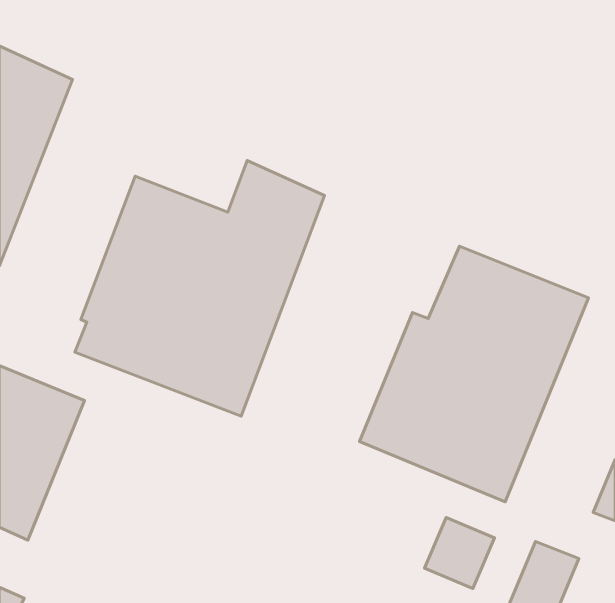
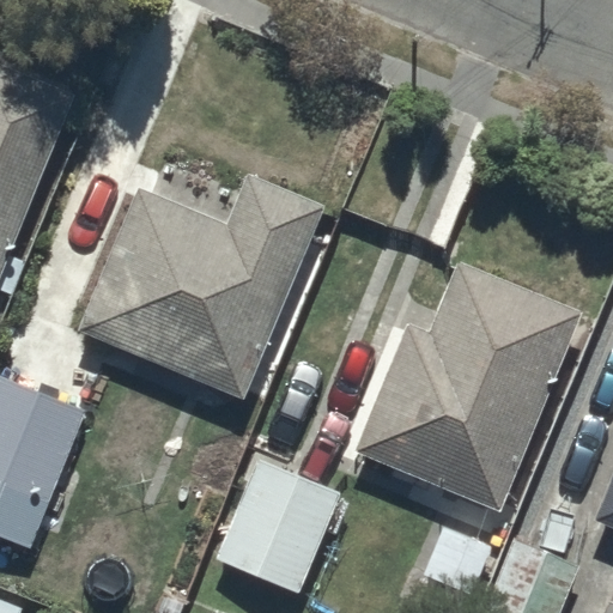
building: none -> [214,461,339,595]

